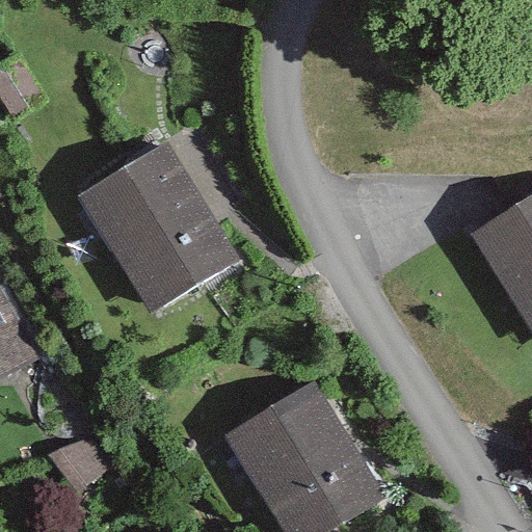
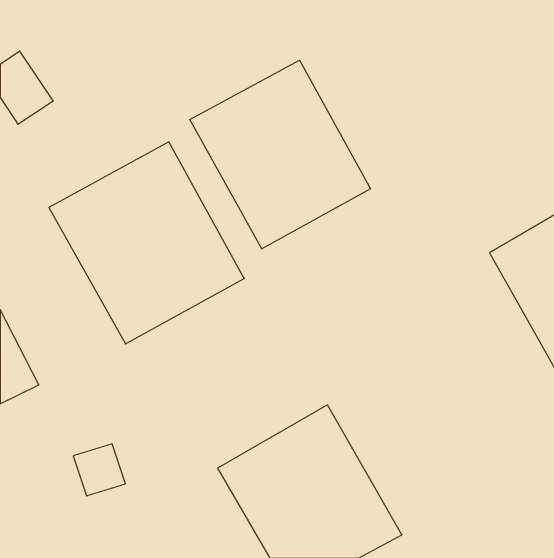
building: none -> [190,60,371,249]

